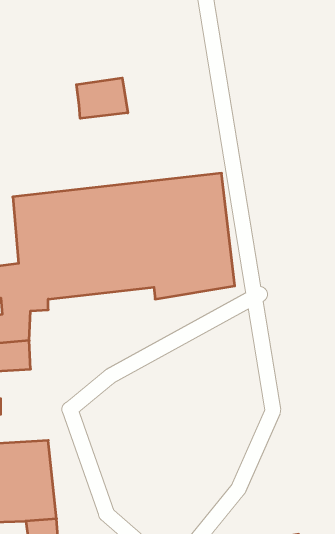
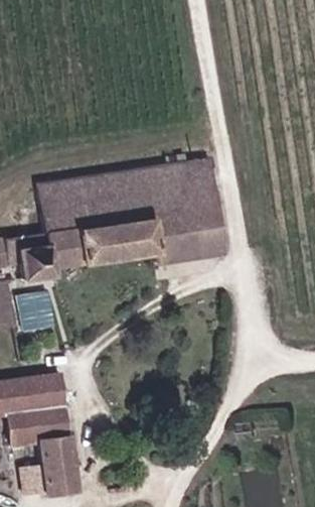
building: [76,78,128,118] -> none

